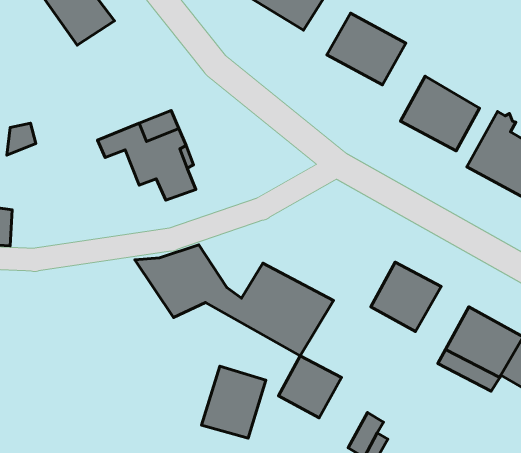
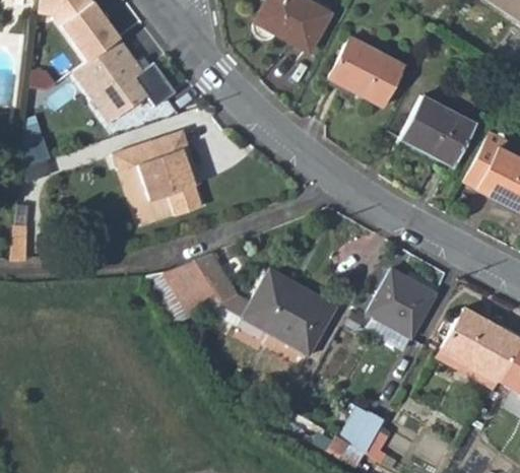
building: none -> [76,42,179,125]
building: [279,356,342,418] -> none
building: [201,366,266,438] -> none

